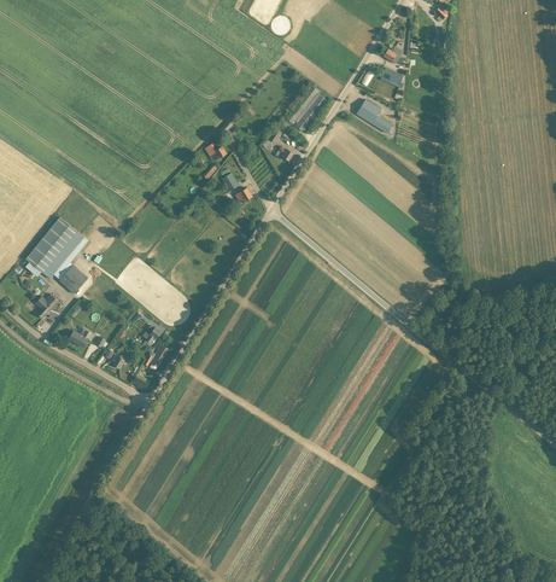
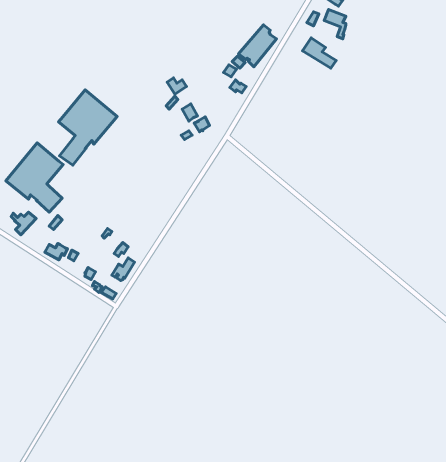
building: none -> [58,90,117,165]

